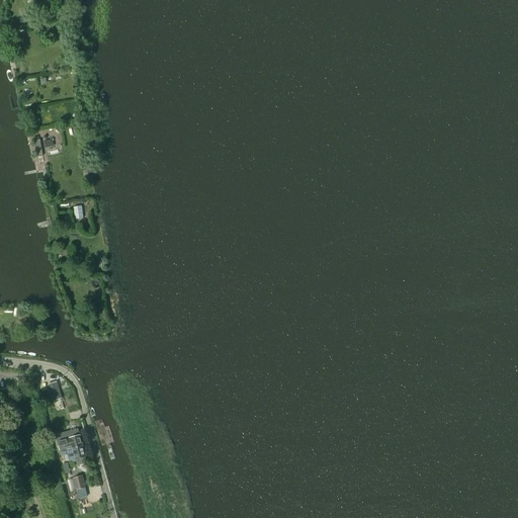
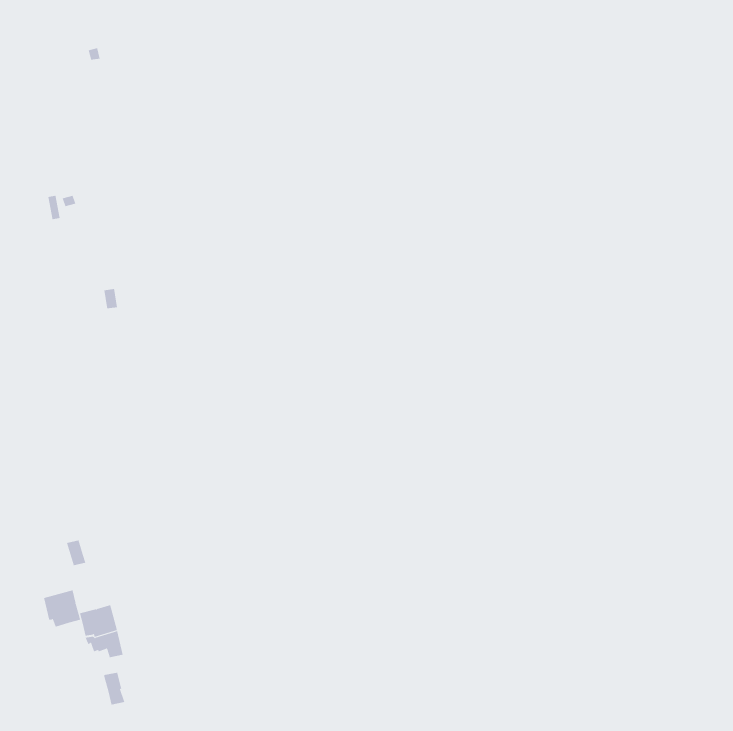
building: none -> [44,590,81,627]

